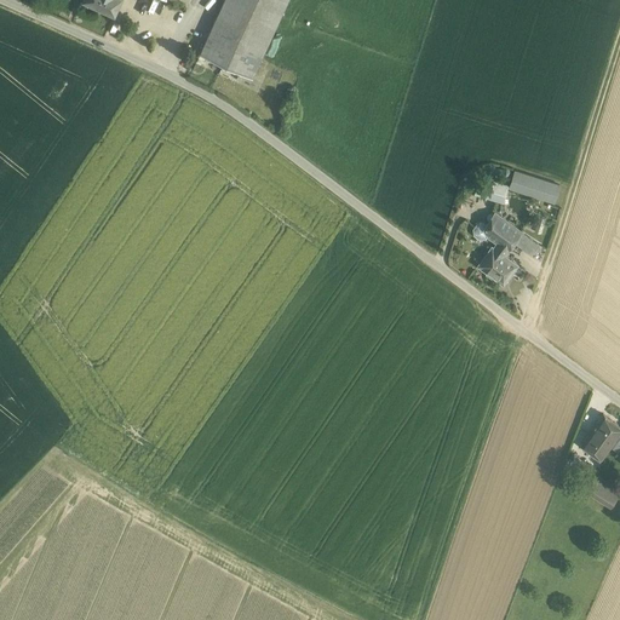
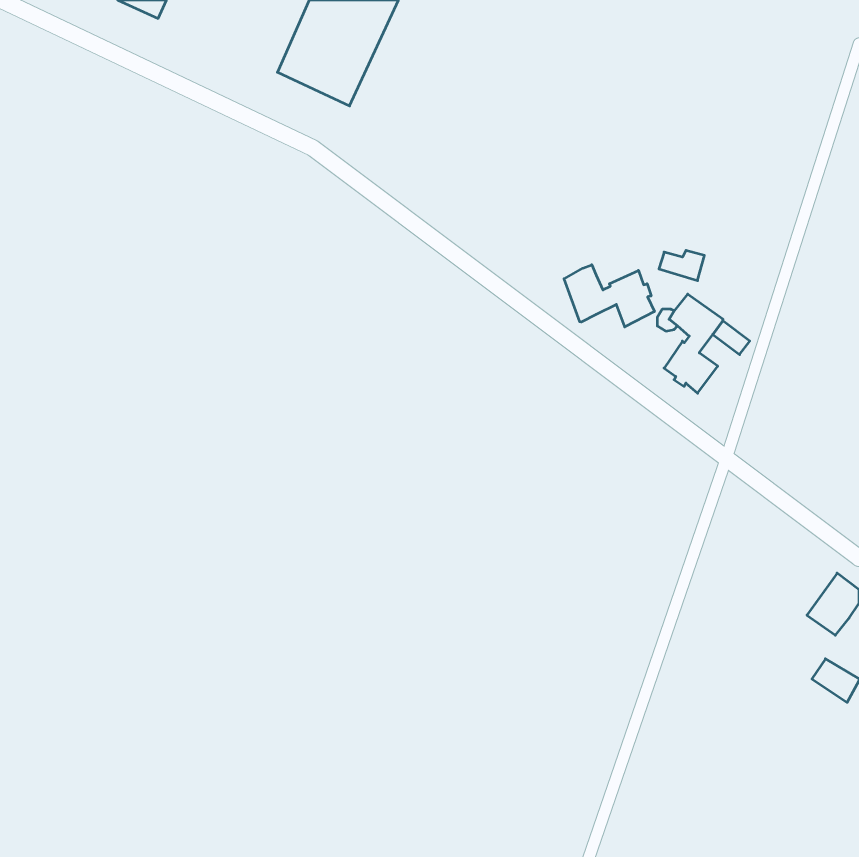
building: [510,171,559,203] -> none
building: none -> [564,265,654,327]

